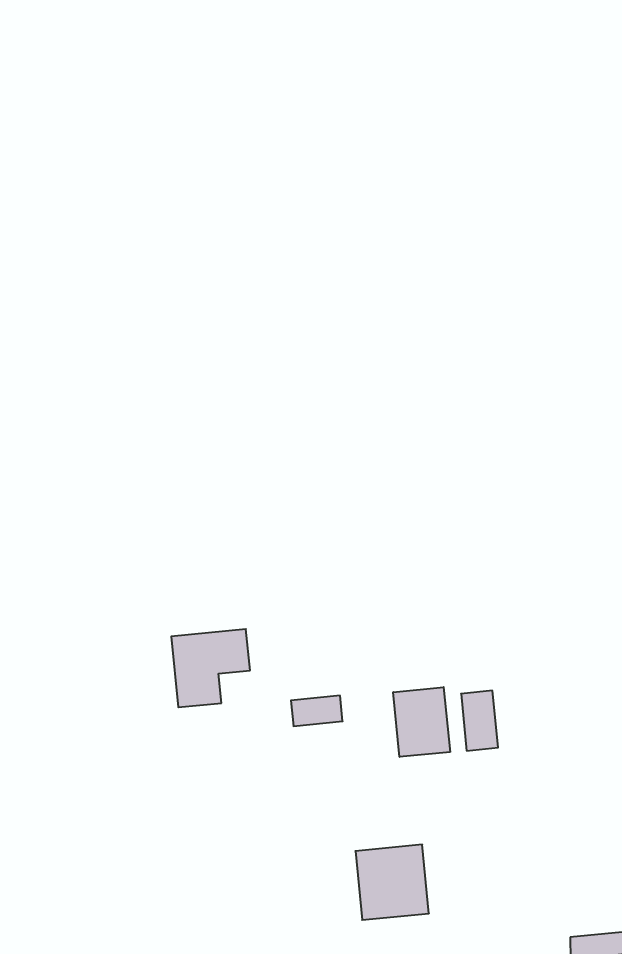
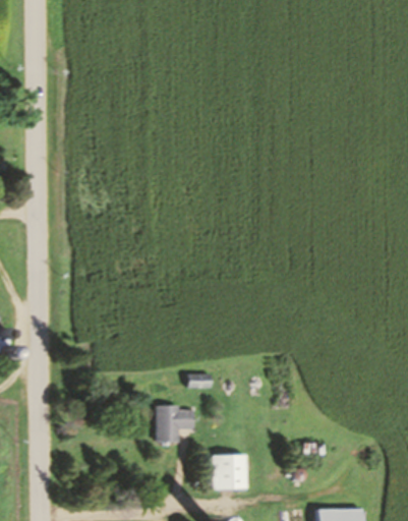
building: [171,629,250,707] -> [156,406,194,443]
building: [393,687,450,757] -> none

